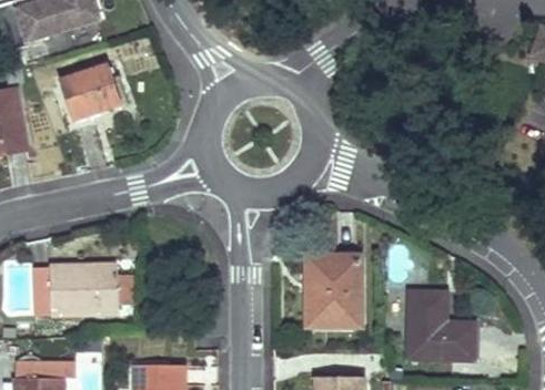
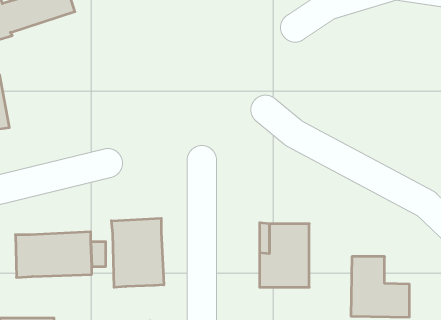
building: [59,63,122,122] -> none
building: none -> [111,218,164,287]

